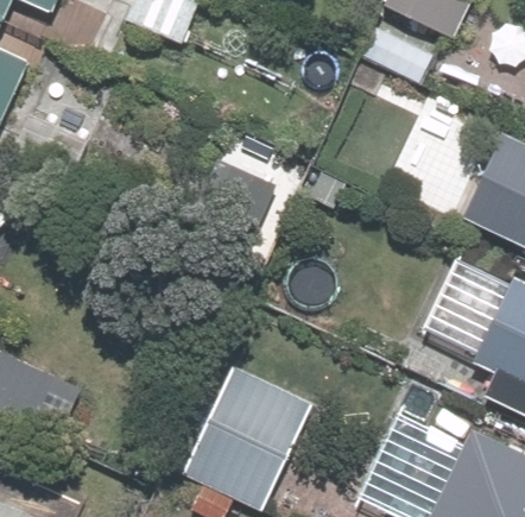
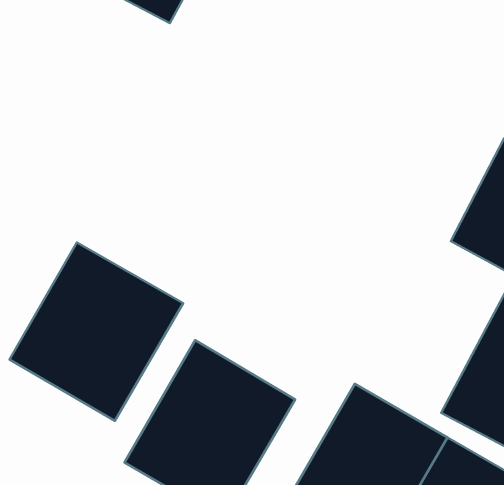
building: none -> [9,242,183,421]

